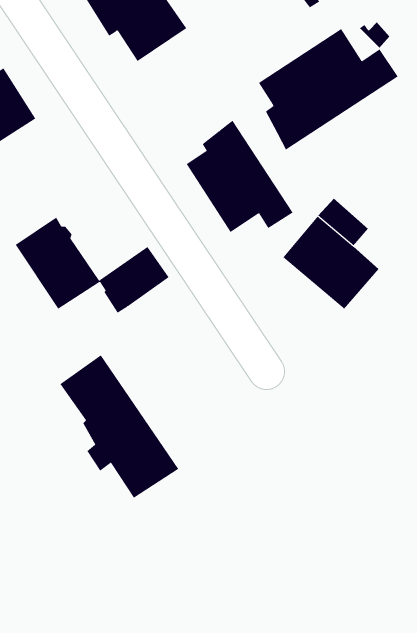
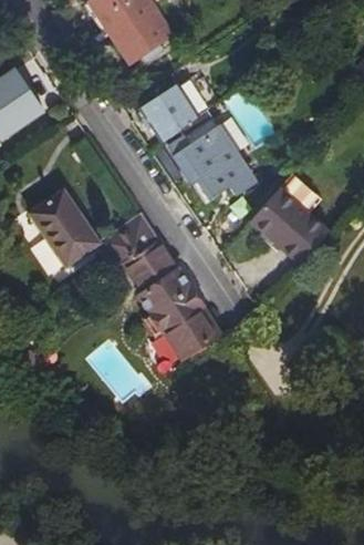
building: [258,28,399,150] -> none
building: none -> [139,86,197,140]
building: [59,354,179,498] -> [122,238,220,357]

